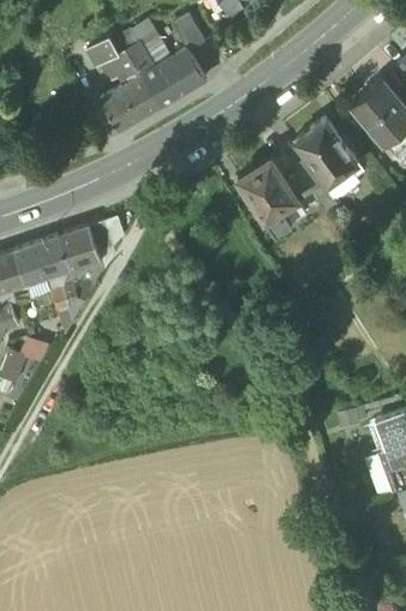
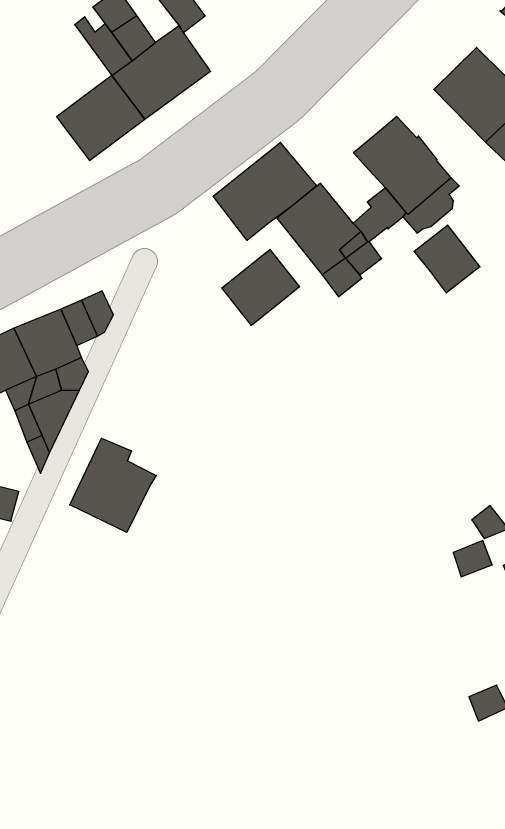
building: [85,34,138,82] -> none
building: none -> [213,142,317,240]
building: none -> [414,225,480,293]
building: none -> [222,249,300,325]
building: none -> [70,438,156,532]

